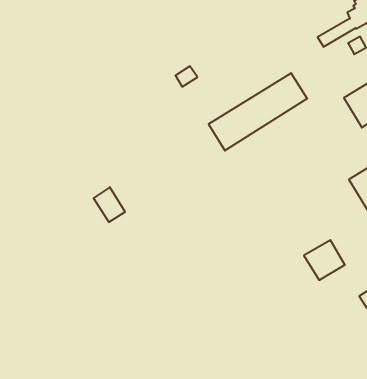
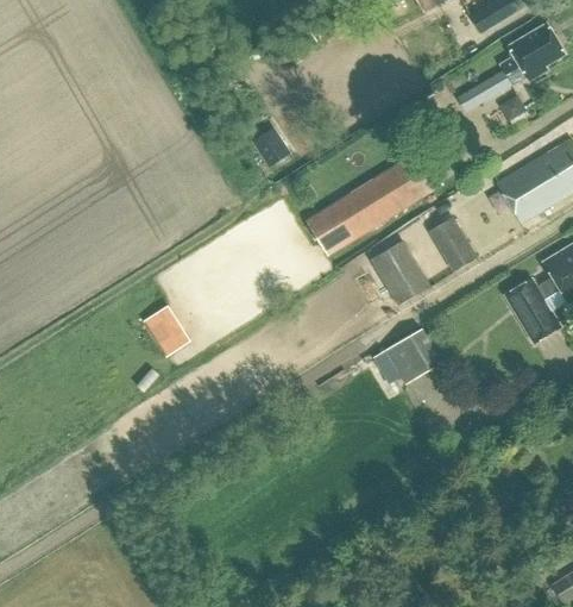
building: none -> [429,215,477,271]
building: none -> [370,239,432,306]
building: [304,240,345,280] -> [385,327,442,383]

